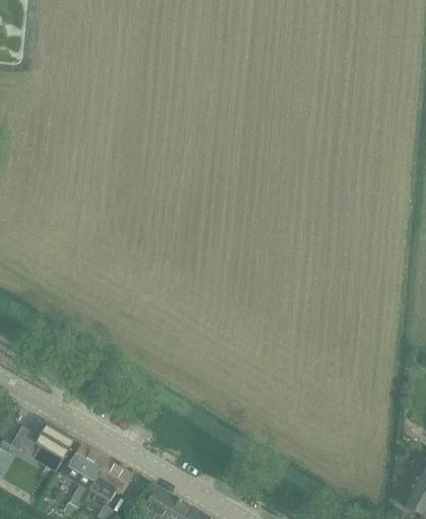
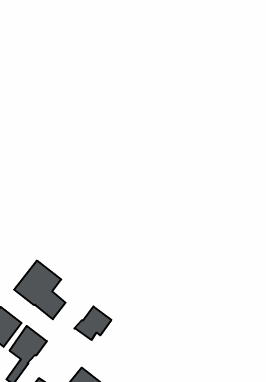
building: none -> [14,261,66,319]
building: [87,460,133,503] -> [74,306,111,340]

